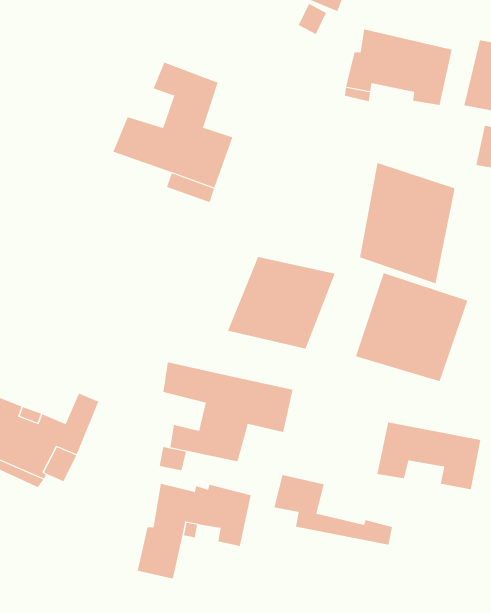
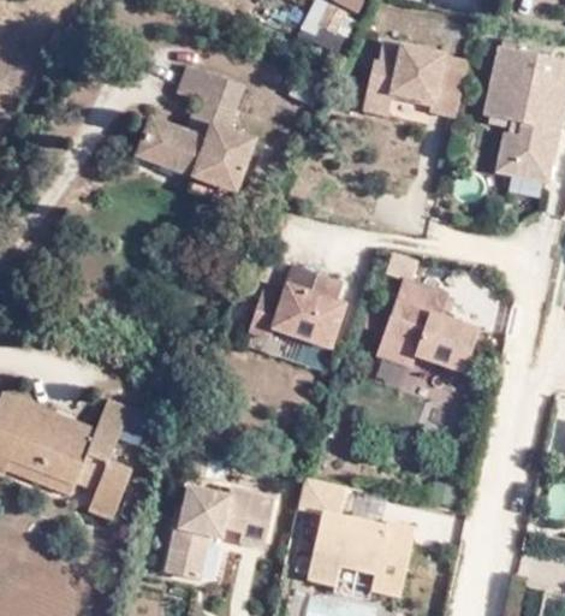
building: [360,162,455,284] -> none
building: [163,361,293,462] -> none
building: [376,422,481,490] -> [307,529,410,597]
building: none -> [81,458,126,517]

